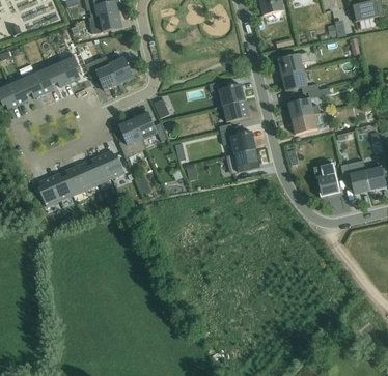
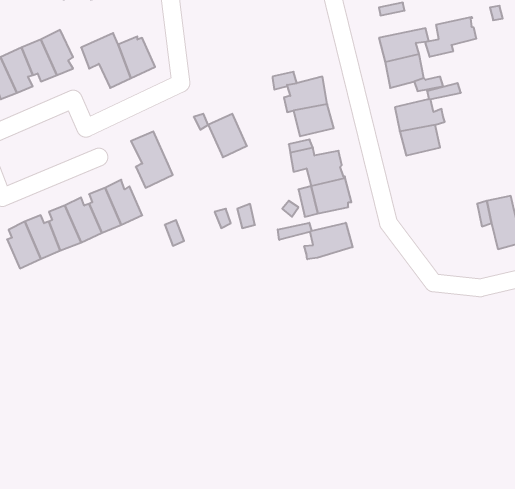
building: none -> [425,17,476,57]
building: [133,111,158,139] -> [208,114,247,157]
building: [313,162,341,197] -> none
building: none -> [278,223,353,259]

